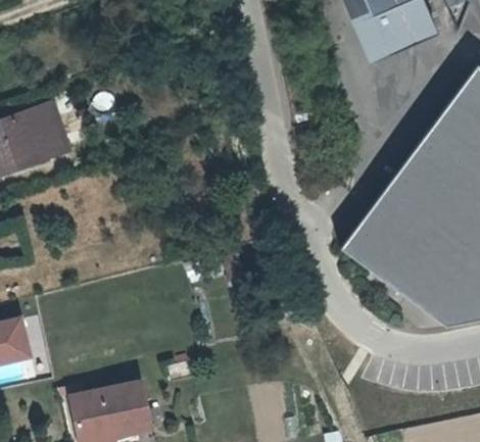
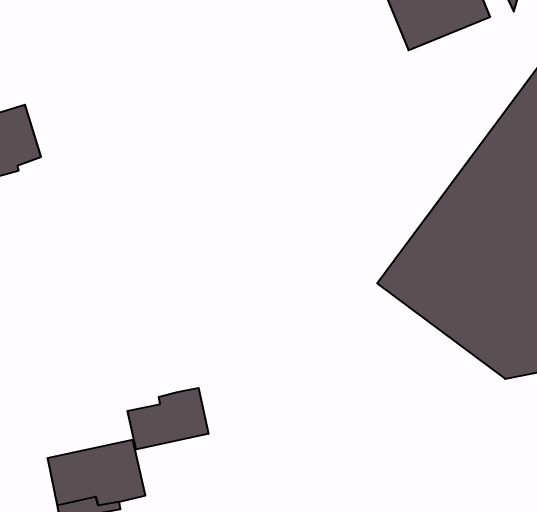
building: none -> [127,388,208,450]

